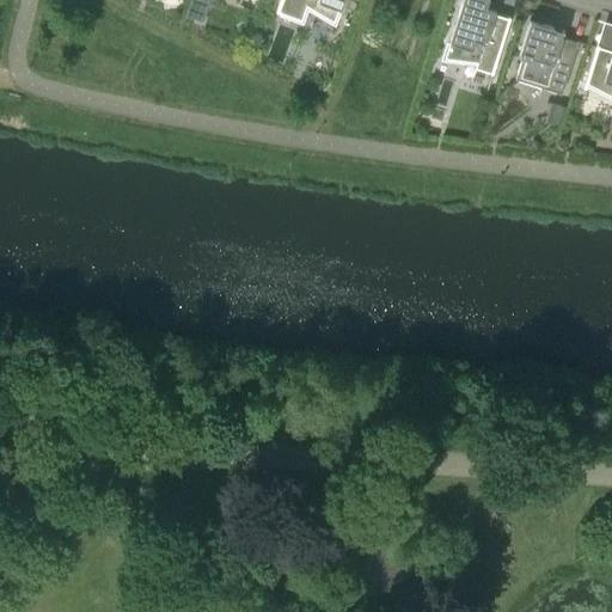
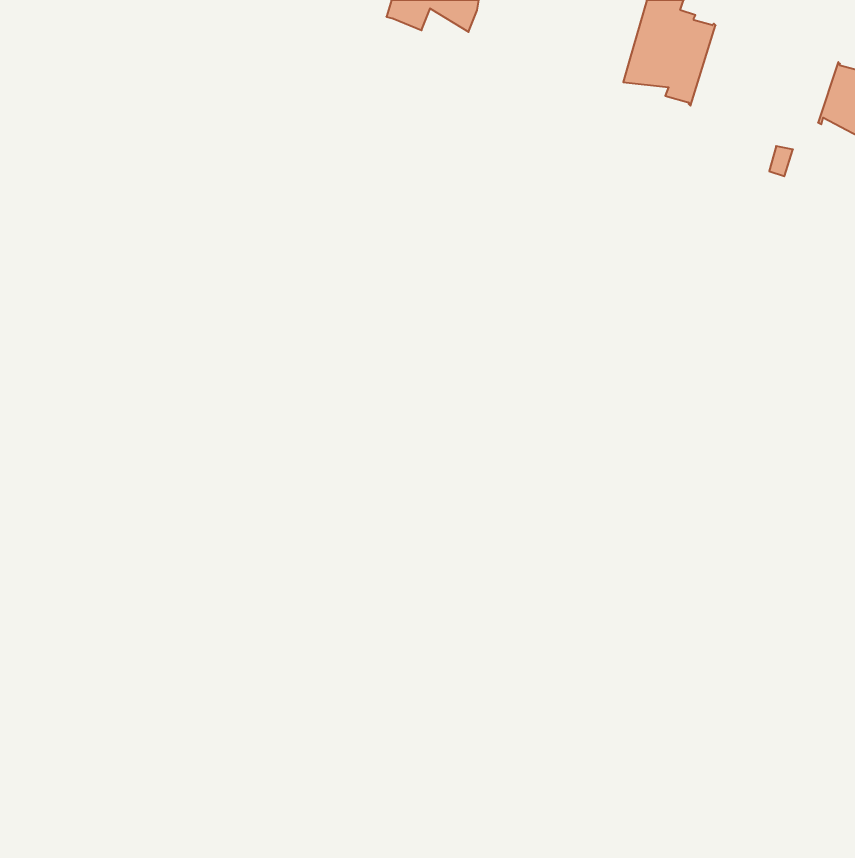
building: [518,20,580,93] -> none

